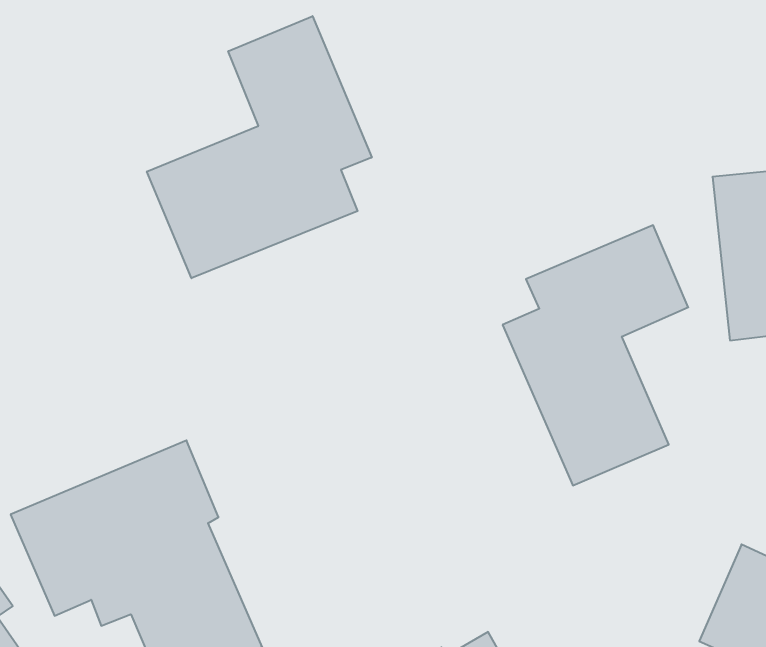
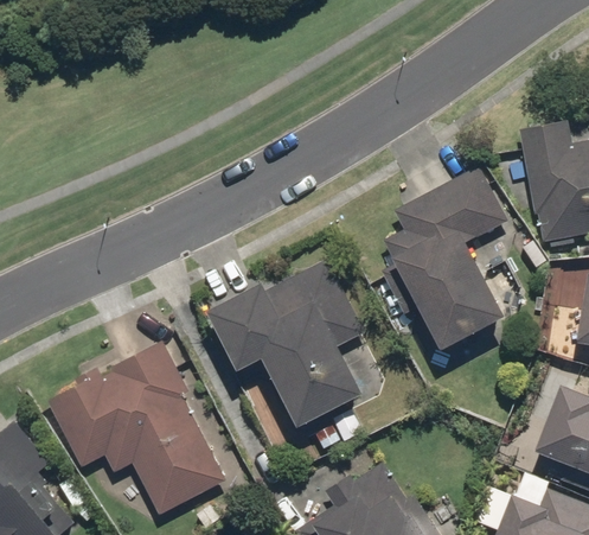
building: [147,16,372,278] -> none
building: none -> [203,257,366,429]

